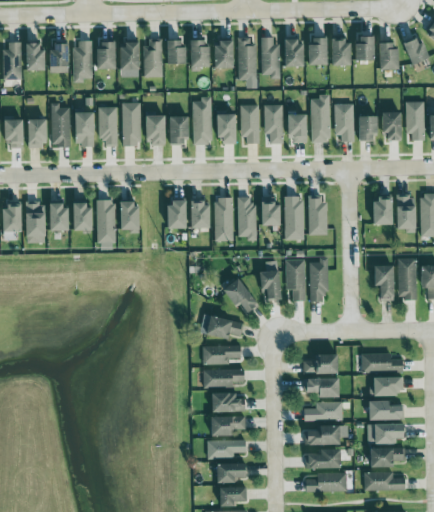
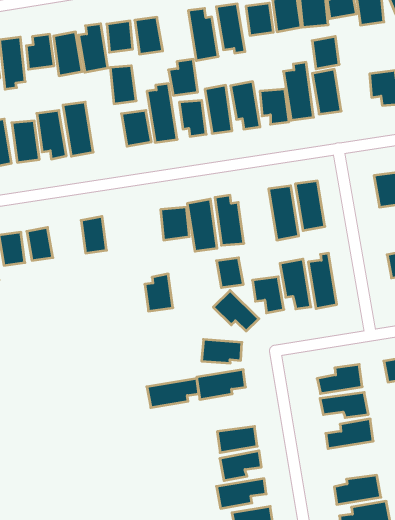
building: [212,39,234,67] -> [168,59,198,95]
building: [148,114,167,145] -> [110,66,136,104]
building: [358,115,378,140] -> [312,36,339,69]
building: [167,199,188,228] -> [145,274,173,311]
building: [96,200,116,243] -> none
building: [262,202,282,225] -> [216,258,243,288]
building: [201,369,244,388] -> [147,379,199,408]
building: [303,426,341,445] -> none

